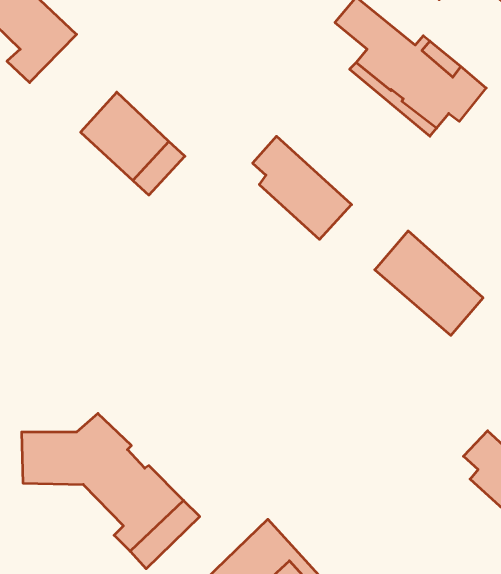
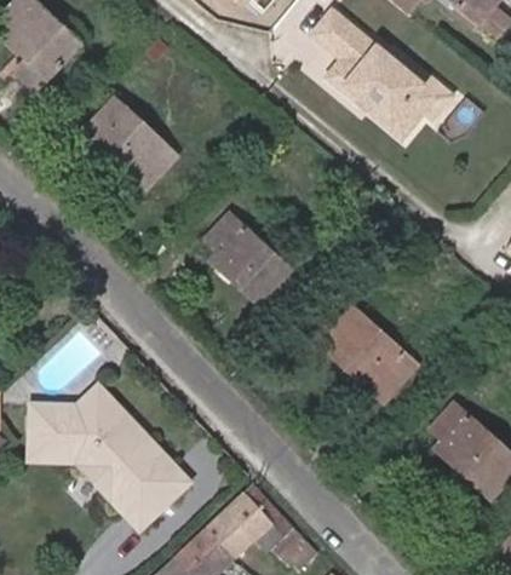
building: [253,136,352,239] -> [208,214,298,307]
building: [375,231,483,335] -> [318,304,417,398]
building: none -> [30,450,122,498]

